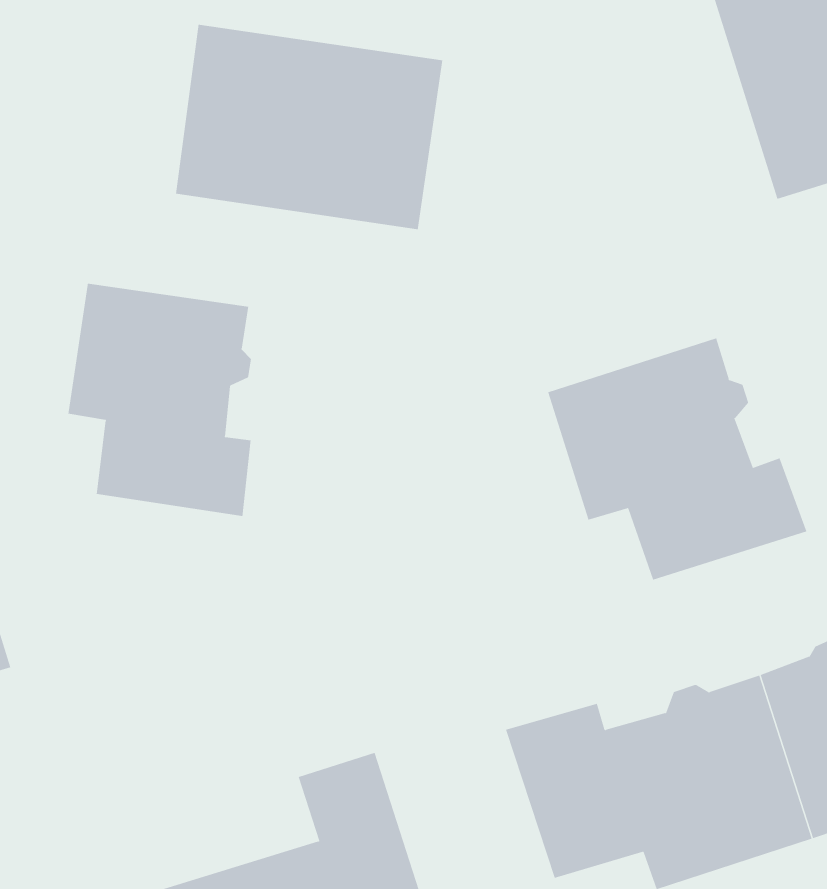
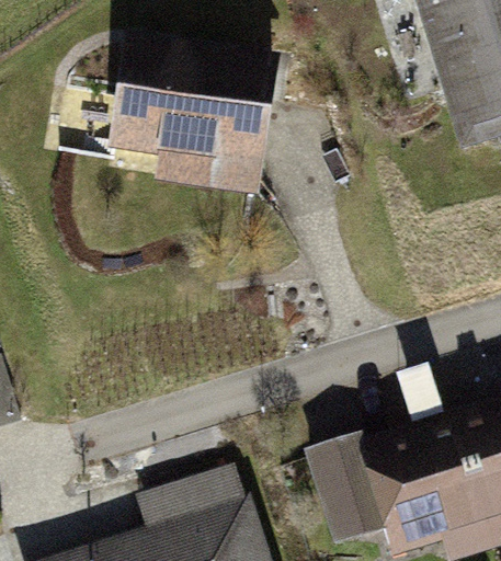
building: [68,283,251,517] -> none
building: [547,337,807,580] -> none

